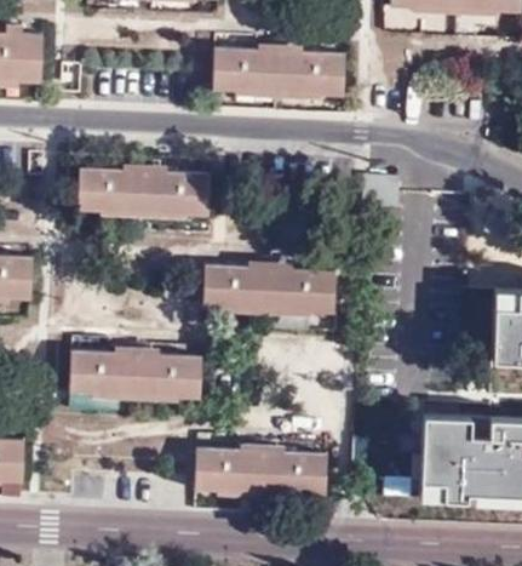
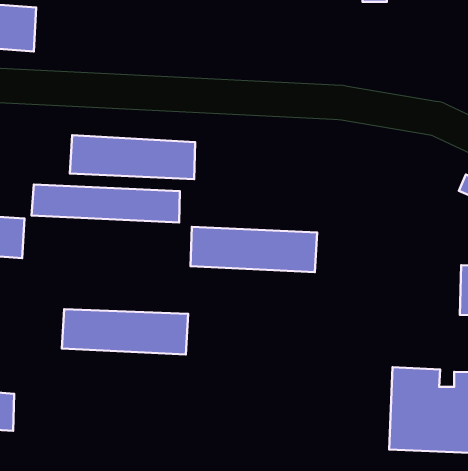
building: [214,50,348,97] -> none
building: none -> [32,184,180,222]
building: [196,448,328,494] -> none

